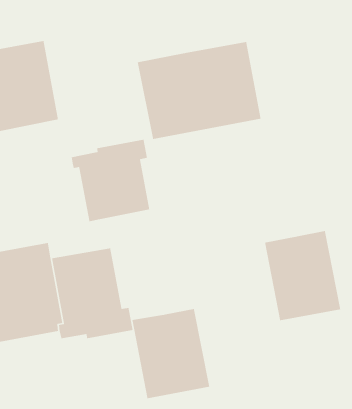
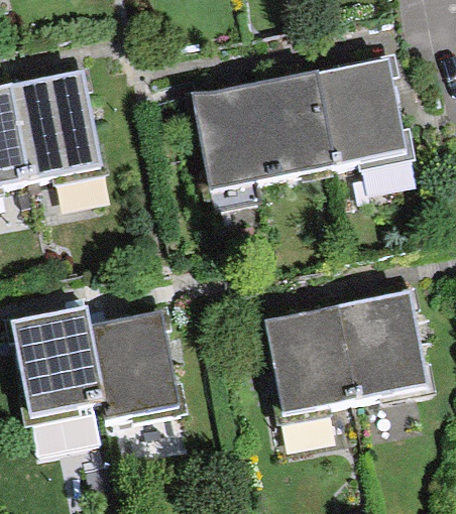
building: none -> [319,60,406,163]
building: [71,139,150,222] -> none
building: [131,308,210,399] -> [265,306,357,412]

